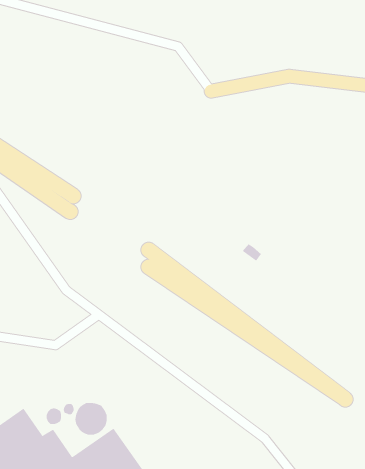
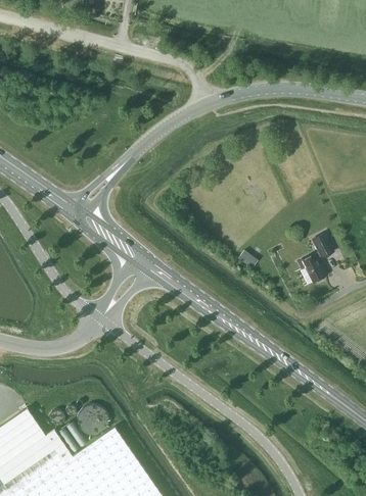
building: none -> [299,233,335,284]

